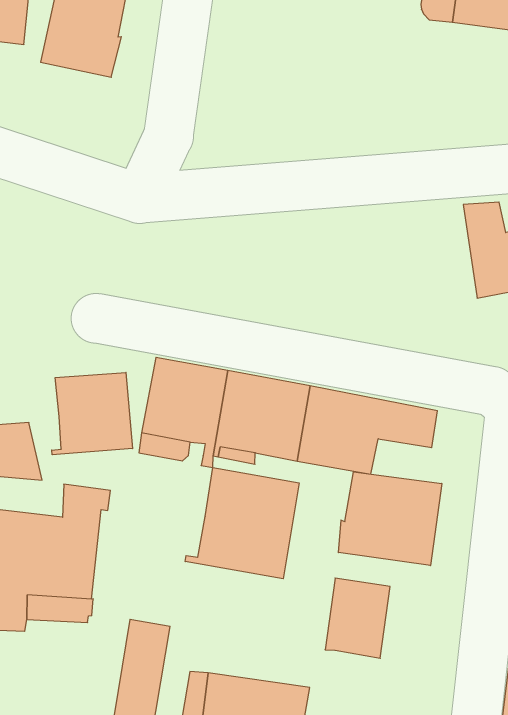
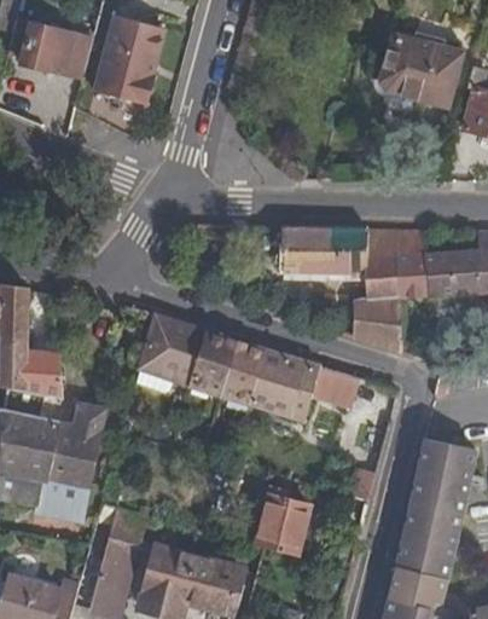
building: none -> [275,227,402,352]
building: [52,372,133,455] -> none
building: [185,467,299,579] -> none
building: [338,472,442,566] -> none

